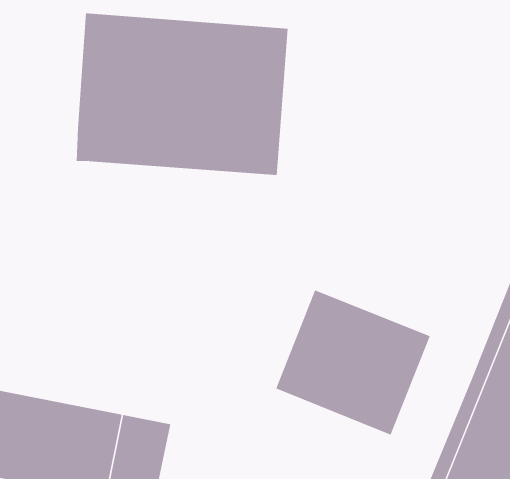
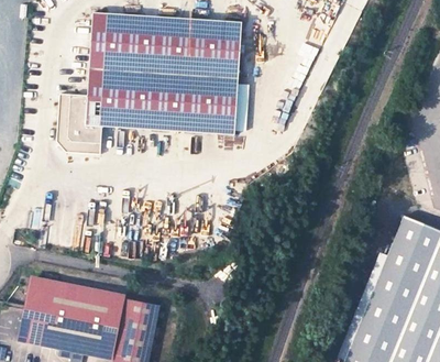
building: none -> [60,95,101,153]
building: [275,289,430,435] -> none

